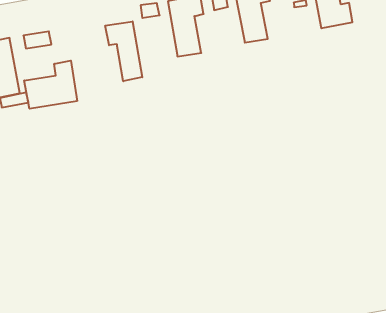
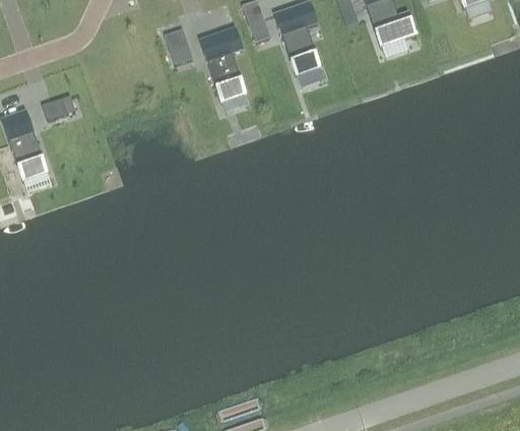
building: [105,21,142,81] -> none
building: [24,61,77,109] -> none

